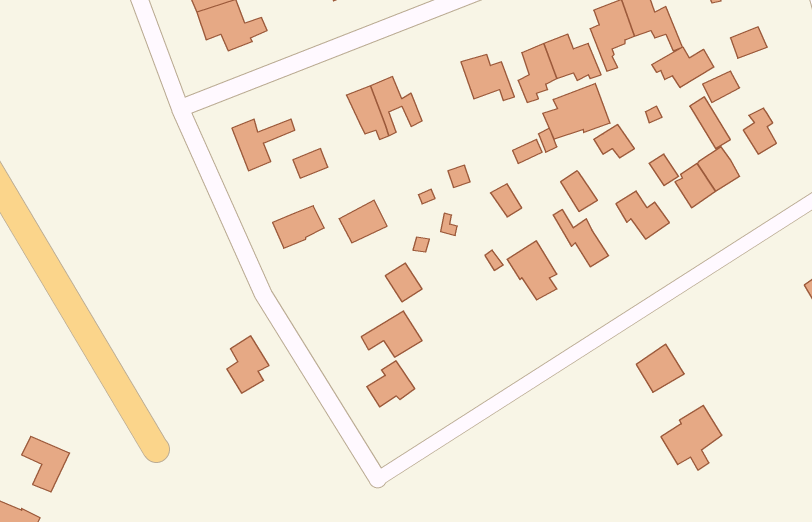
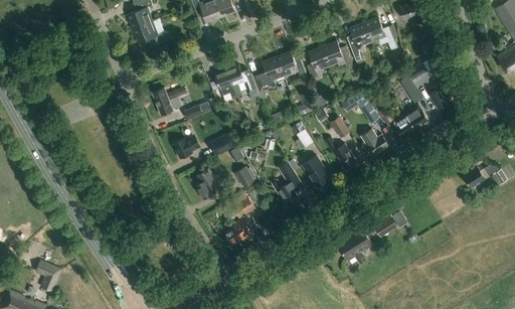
building: [652,47,714,88] -> none
building: none -> [253,56,283,92]
building: [543,83,610,139] -> none
building: none -> [272,174,303,205]
building: [227,336,269,393] -> [194,168,217,199]
building: [661,405,722,470] -> [338,227,371,263]

